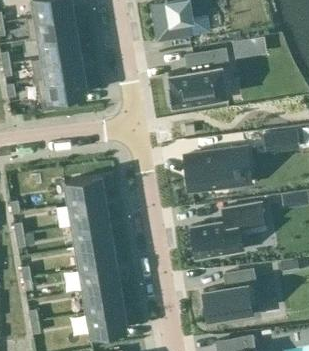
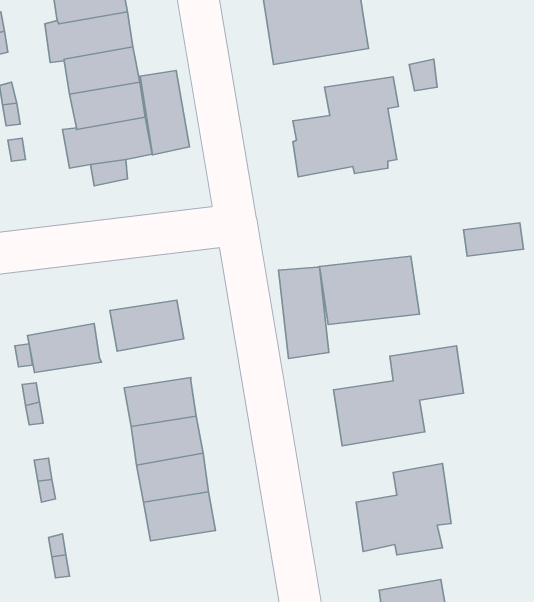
building: none -> [140,71,190,155]
building: none -> [278,267,329,358]
building: [68,198,110,226] -> [27,323,101,373]
building: [87,307,128,336] -> none

